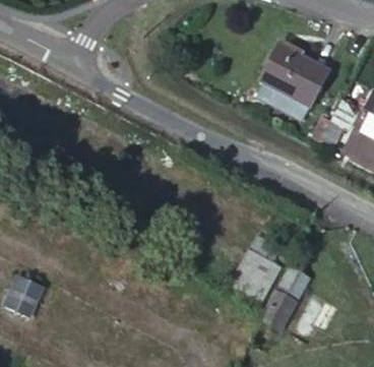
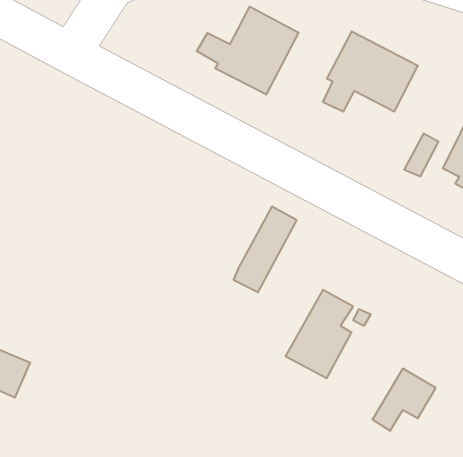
building: none -> [197,7,298,95]
building: [262,264,309,327] -> [233,206,297,292]

